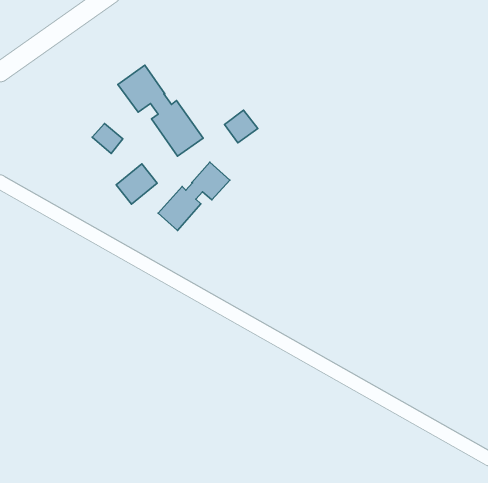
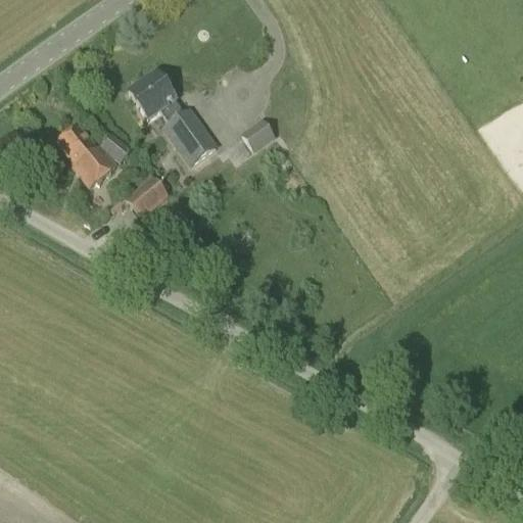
building: none -> [56,126,113,188]
building: [158,162,230,231] -> none

